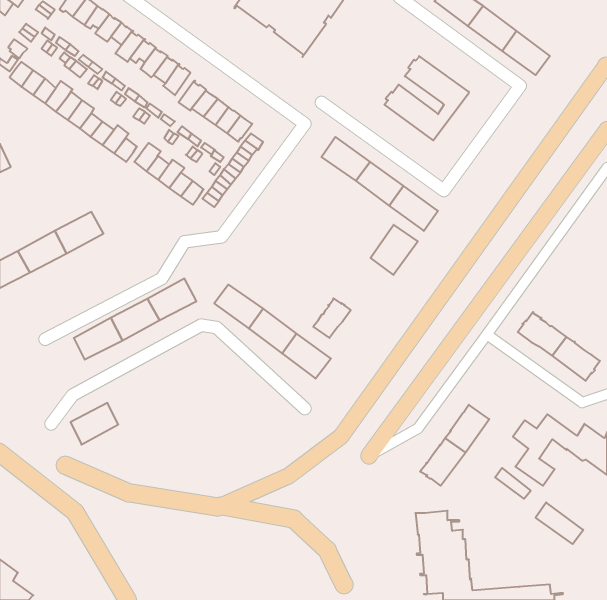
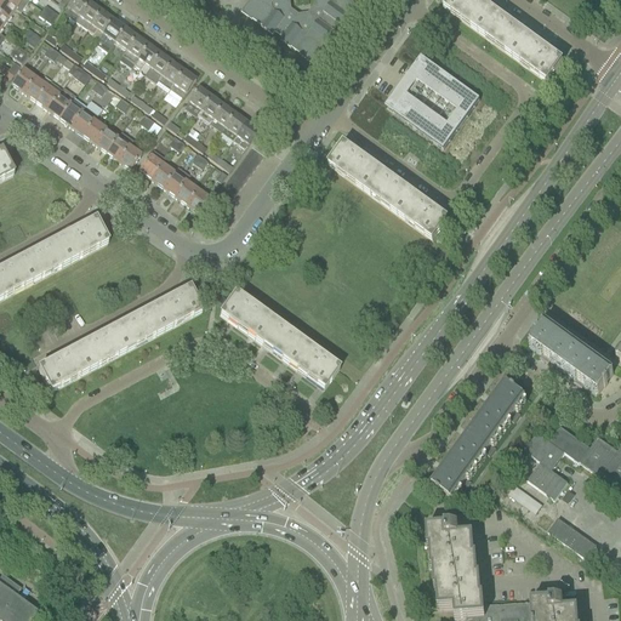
building: [371,225,418,275] -> none
building: [313,298,351,338] -> none
building: none -> [478,378,523,427]
building: [71,403,118,445] -> [38,344,86,387]

